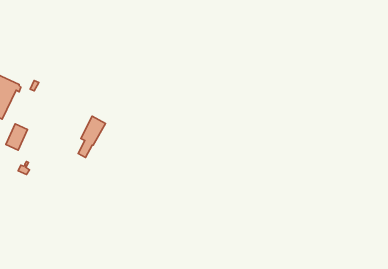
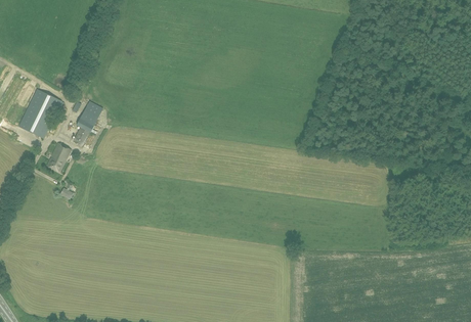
building: [78,116,105,157] -> [74,100,103,145]

